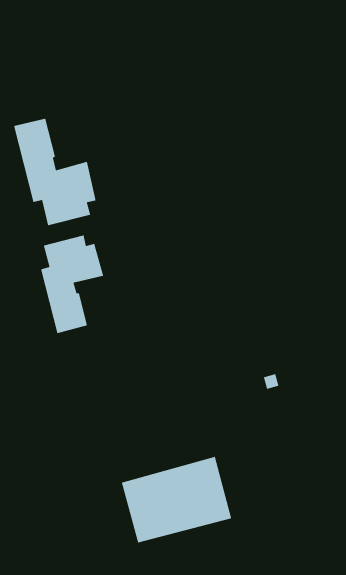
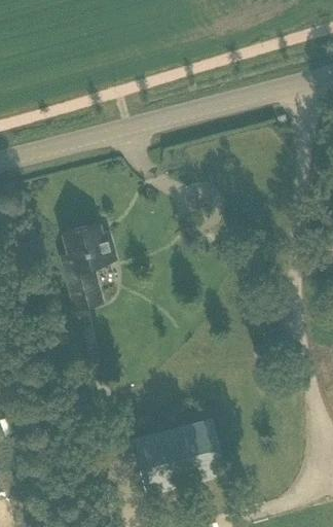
building: [13,118,97,226] -> none

